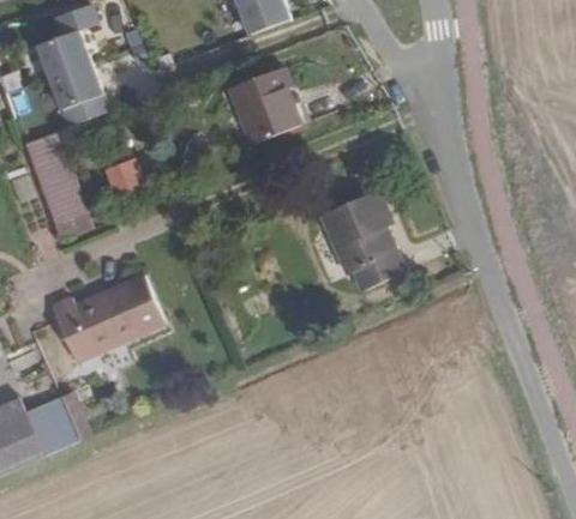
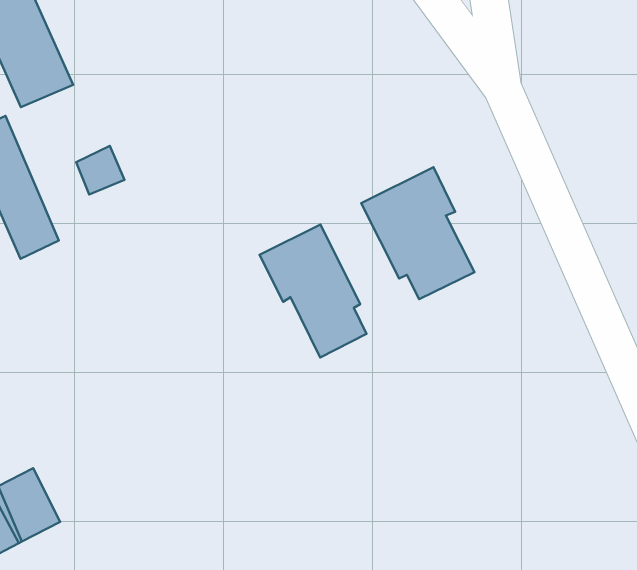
building: [229,66,299,143] -> none
building: none -> [259,224,367,358]
building: [52,276,163,360] -> none

